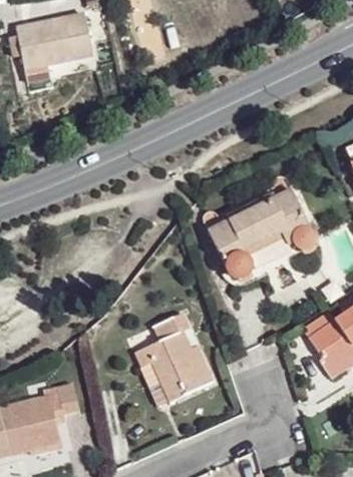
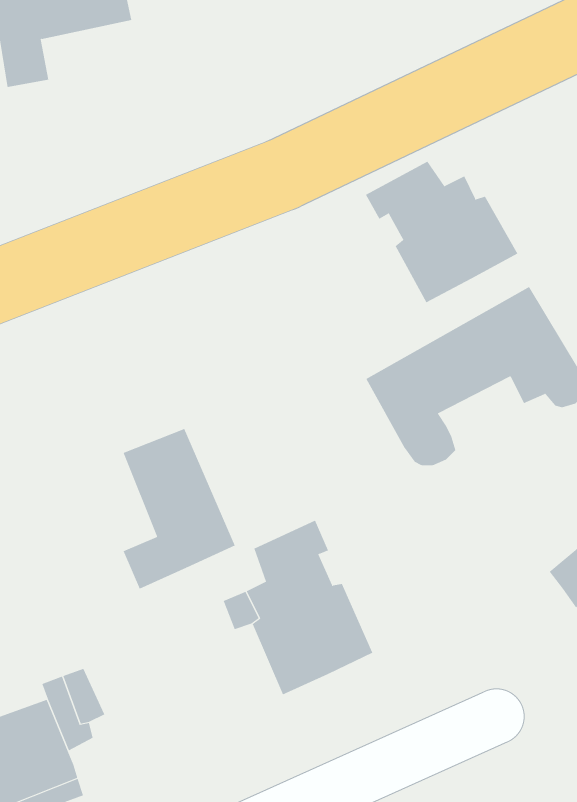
building: none -> [365,161,518,303]
building: none -> [123,428,235,589]

